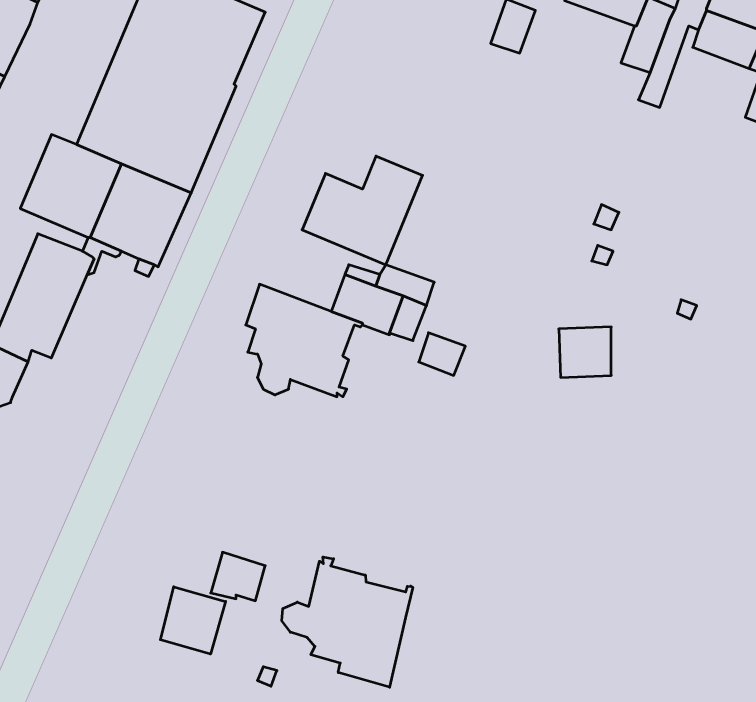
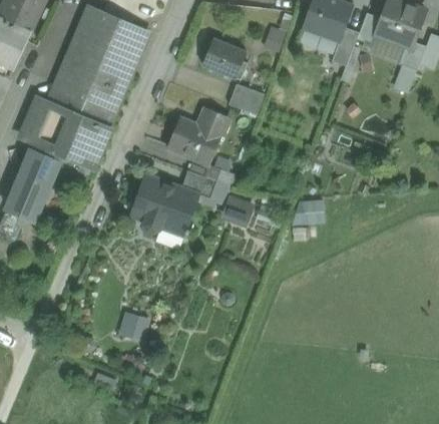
building: none -> [201,36,248,78]
building: none -> [229,82,265,113]
building: [282,557,413,687] -> none
building: [160,587,226,654] -> none

